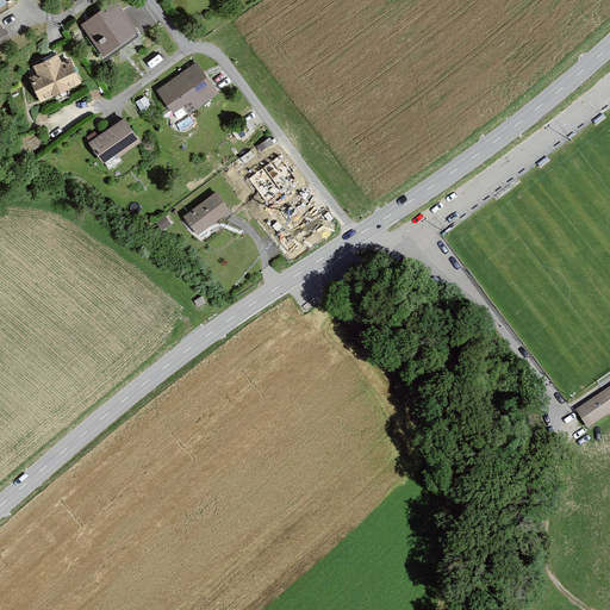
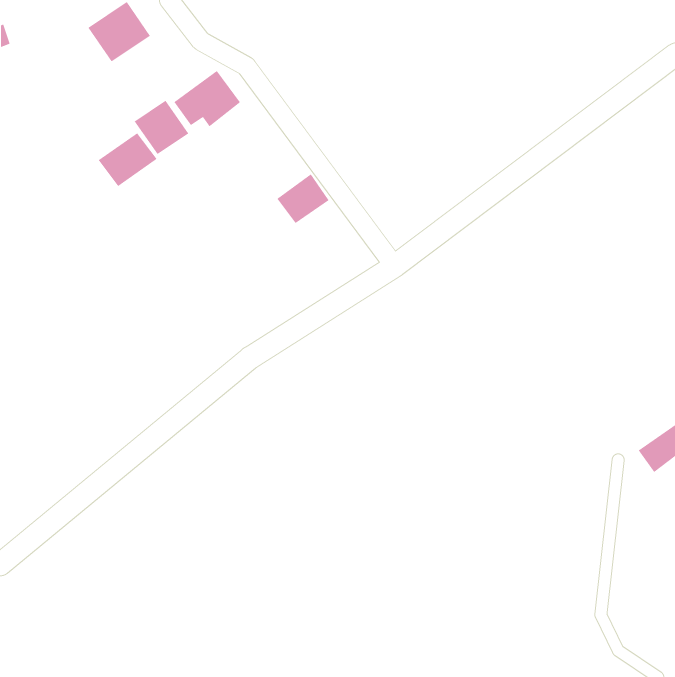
building: [23,51,81,105] -> none
building: none -> [134,100,189,155]
building: [182,192,230,236] -> none

